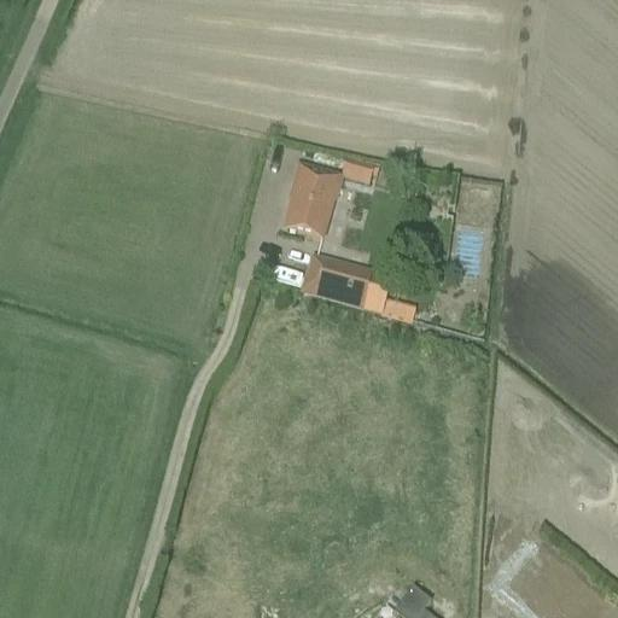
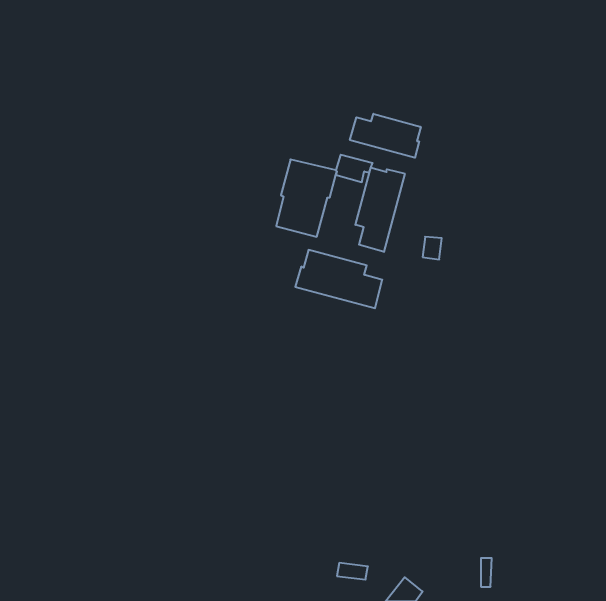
building: none -> [350,114,421,158]
building: none -> [355,168,405,252]

